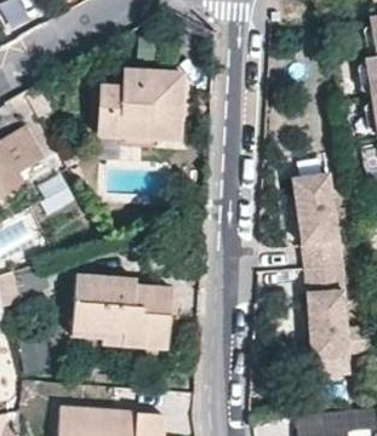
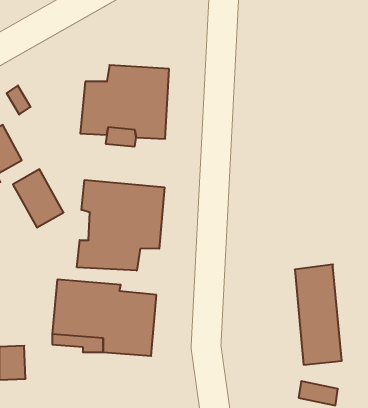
building: [289,168,341,264] -> none
building: none -> [77,180,164,271]

